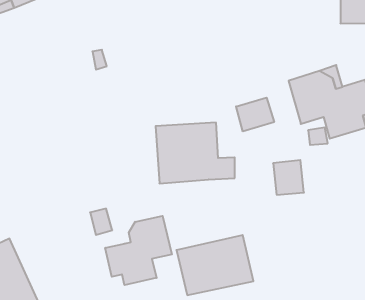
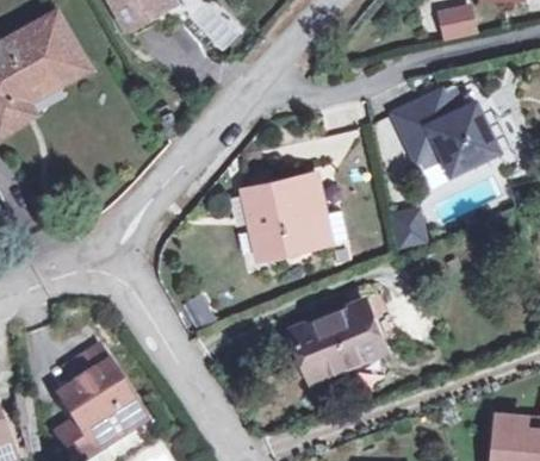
building: [236,98,274,131] -> none
building: [105,216,172,285] -> none

